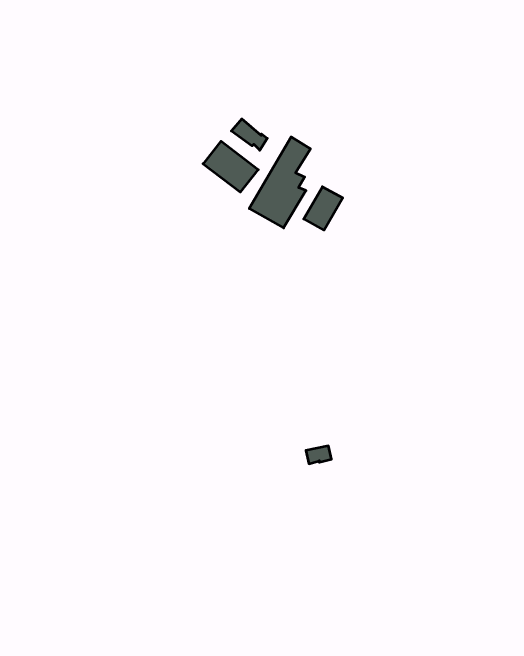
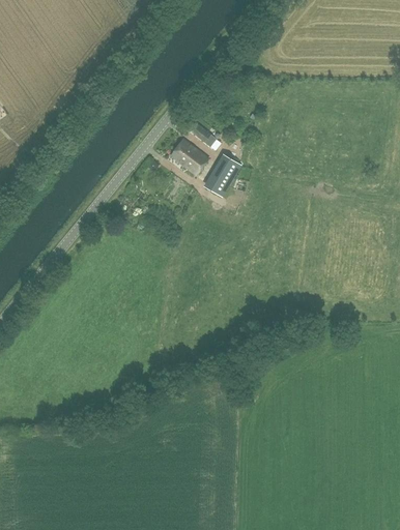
building: [304,187,343,230] -> none

